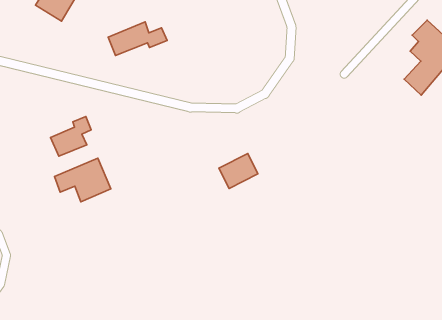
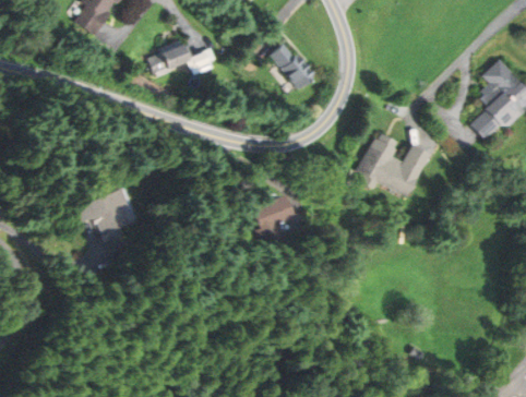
building: none -> [270,41,313,91]
building: none -> [356,131,430,196]
building: [51,116,91,156] -> none

